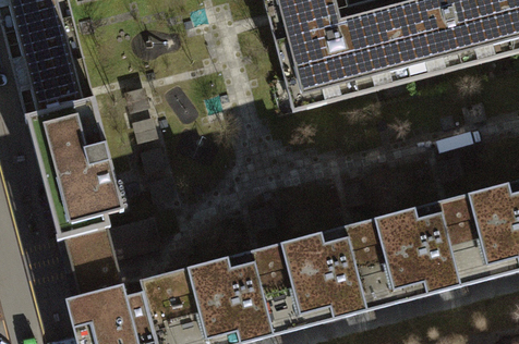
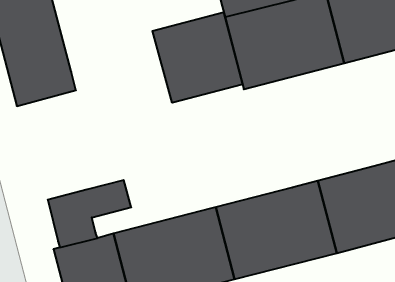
building: none -> [152,12,243,103]
building: [32,112,125,242] -> none

